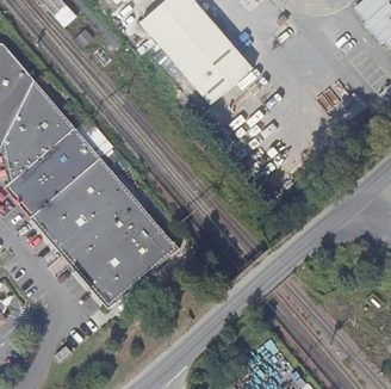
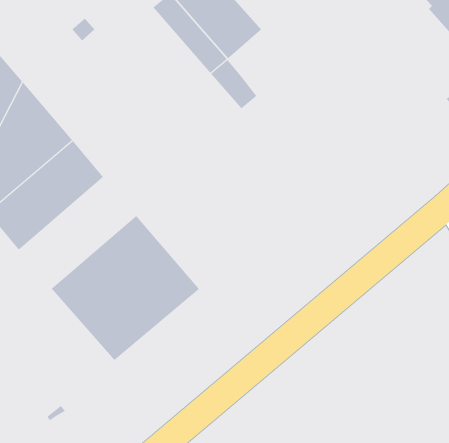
building: [199,38,252,92] -> none
building: [30,158,125,248] -> none

